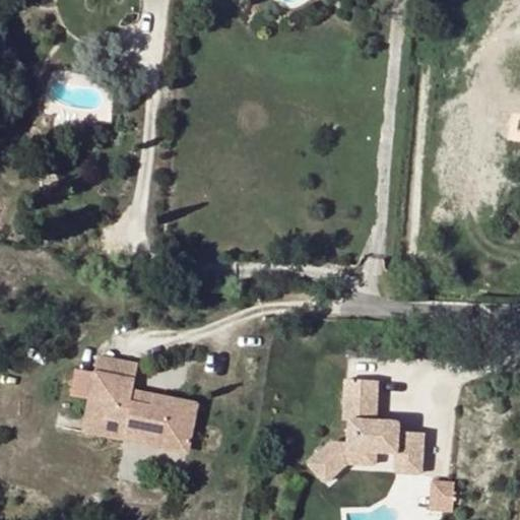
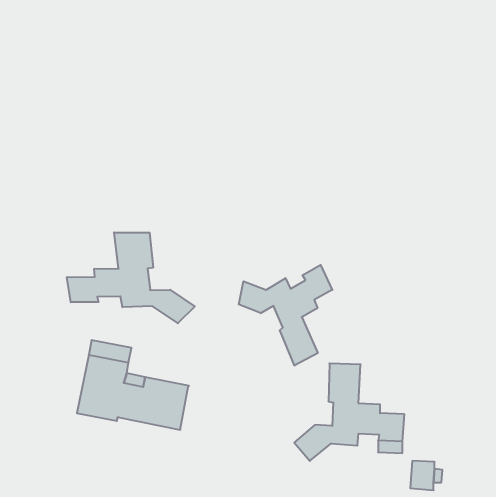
building: none -> [67,232,195,323]
building: none -> [239,265,332,366]

